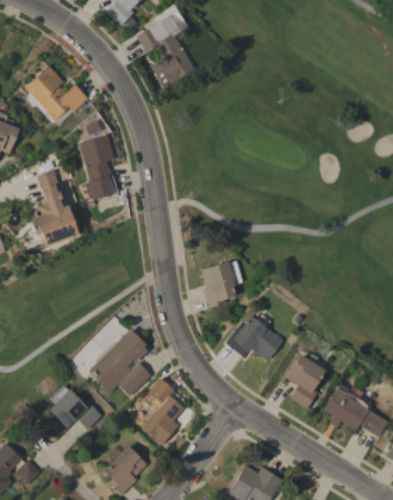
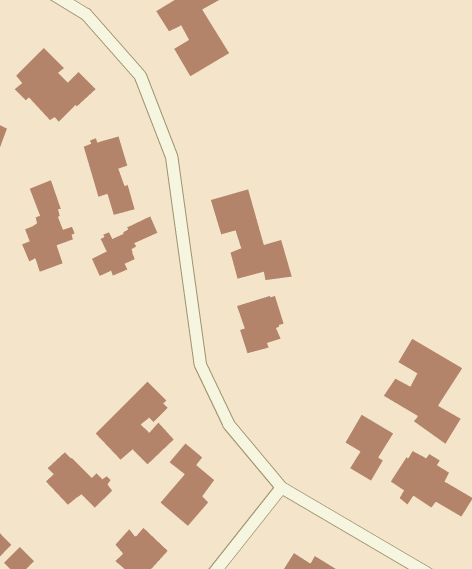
building: none -> [210,188,292,281]
building: none -> [91,216,158,277]
building: none -> [383,338,463,445]
building: [225,313,283,358] -> none

